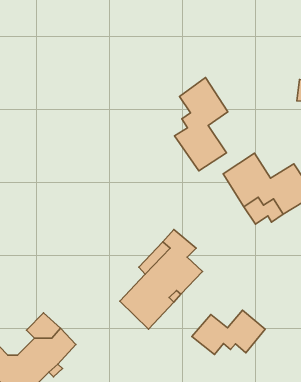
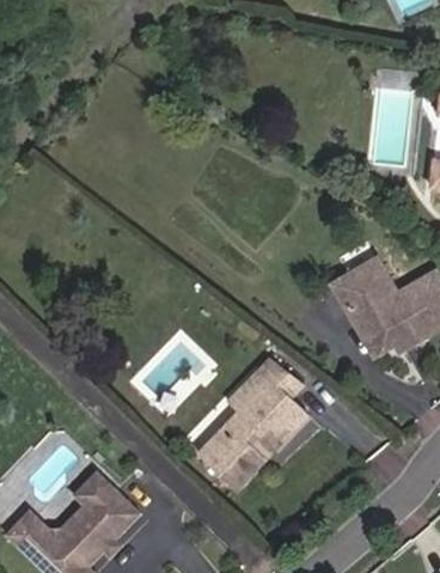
building: [175,77,228,171] -> none
building: [192,310,265,354] -> none

